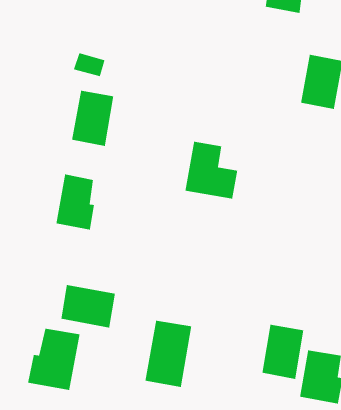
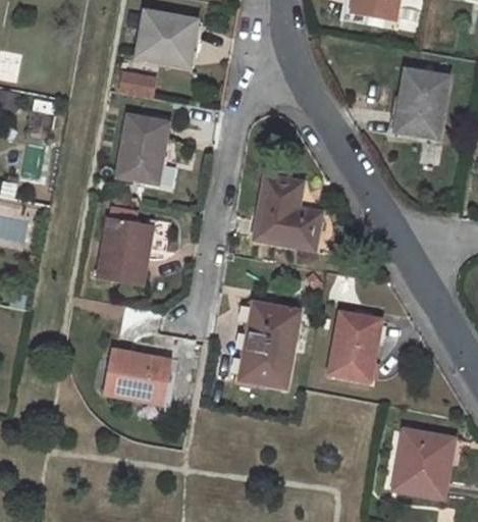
building: none -> [138,11,196,66]
building: [144,320,192,388] -> [241,304,299,386]
building: [261,324,304,380] -> [328,312,380,380]
building: [27,328,81,391] -> none

